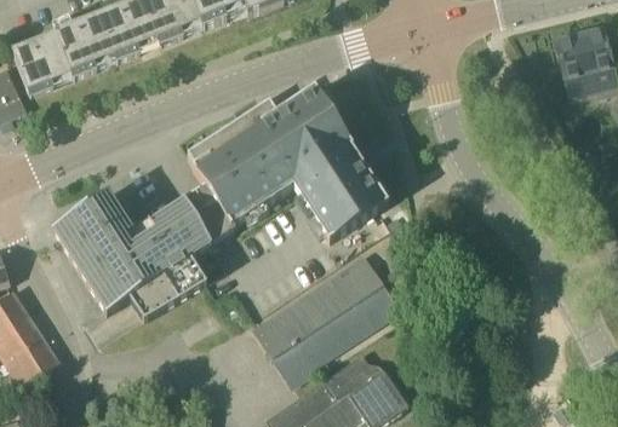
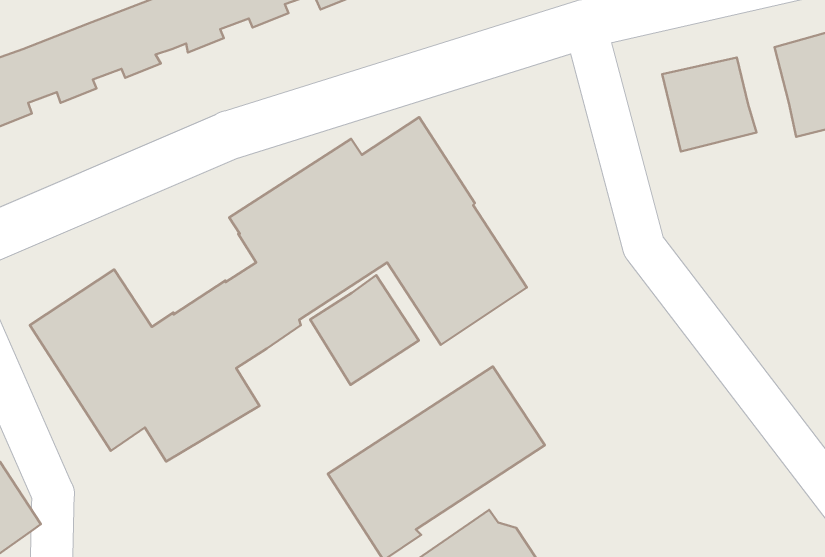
building: none -> [662,57,756,151]
building: none -> [310,275,419,385]

